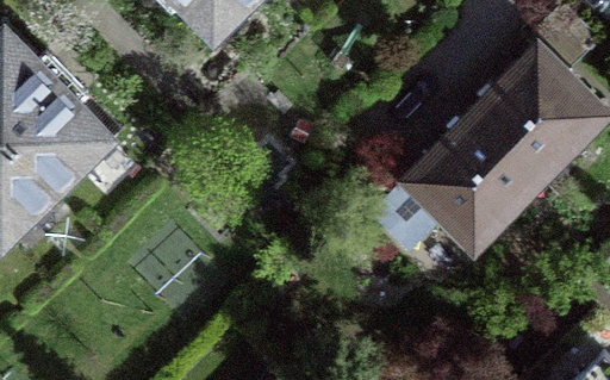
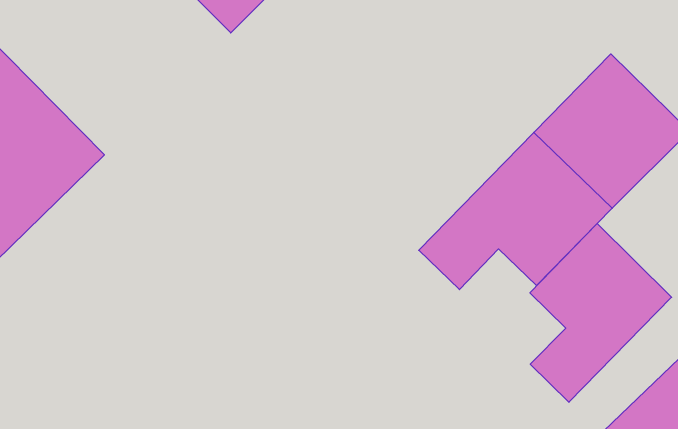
building: none -> [530,224,672,402]

